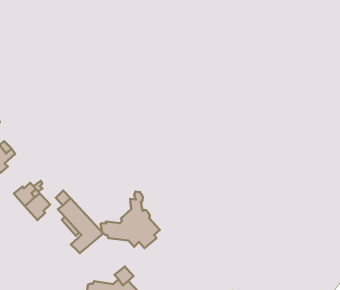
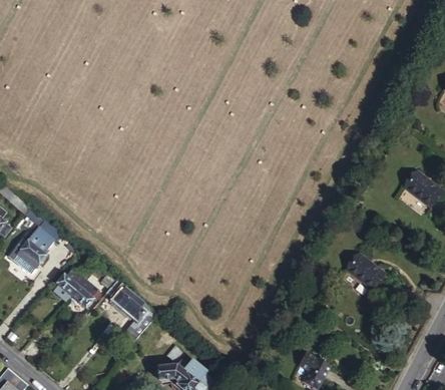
building: [101,192,160,248] -> none
building: none -> [351,255,389,292]

